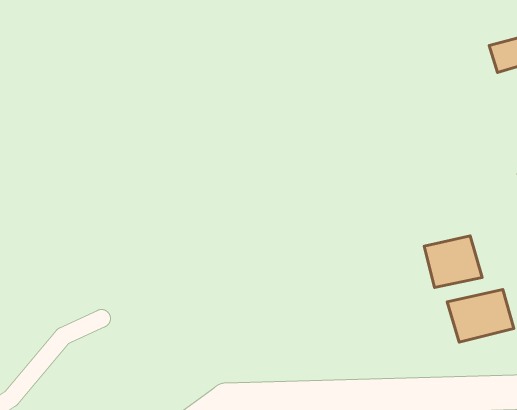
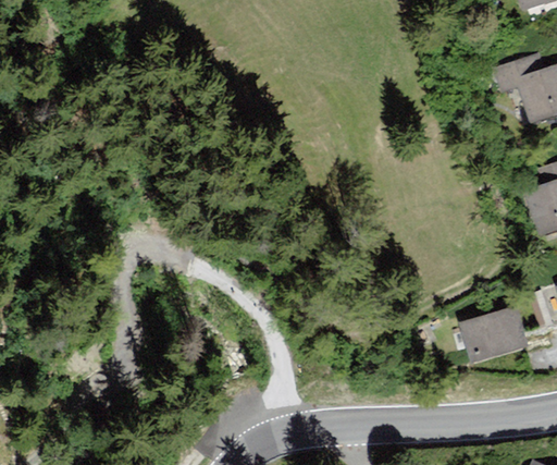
building: [424,236,482,288] -> none

